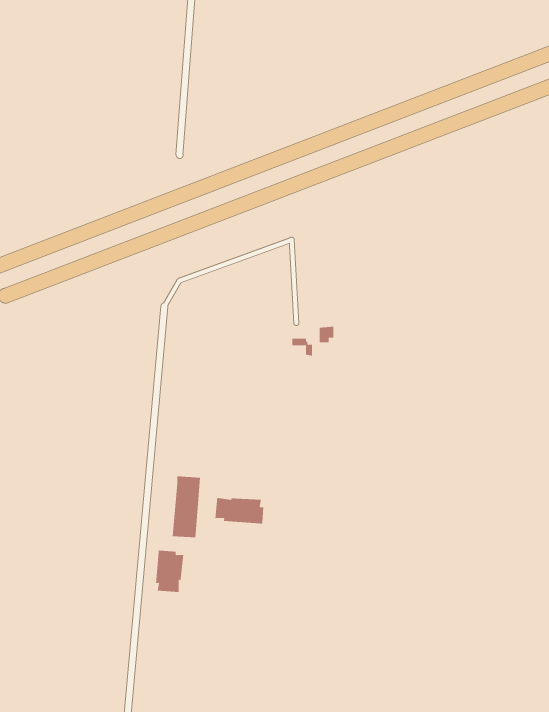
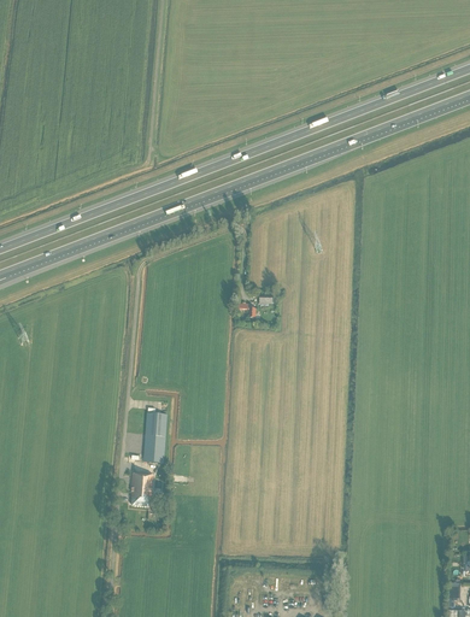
building: [215,497,264,525] -> none

